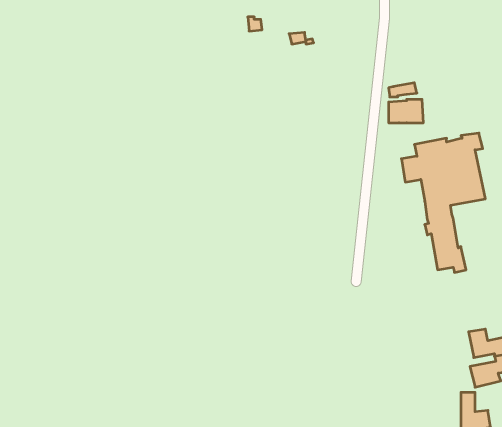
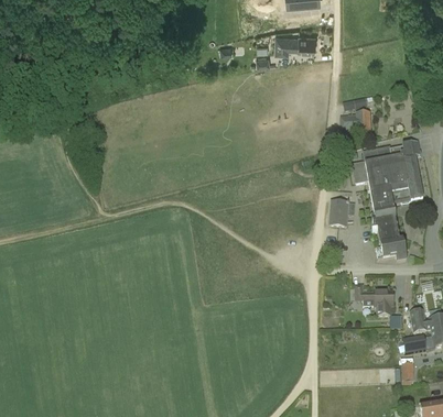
building: none -> [275,34,316,55]
building: none -> [328,201,349,228]
building: none -> [354,285,393,317]

